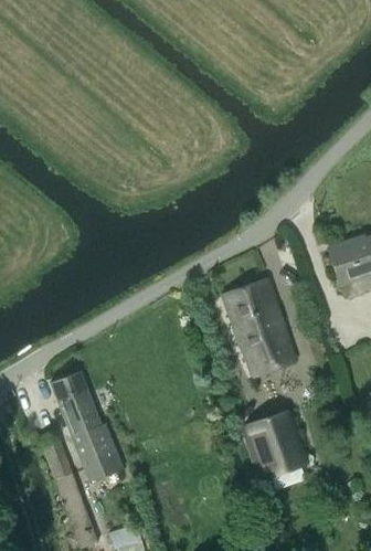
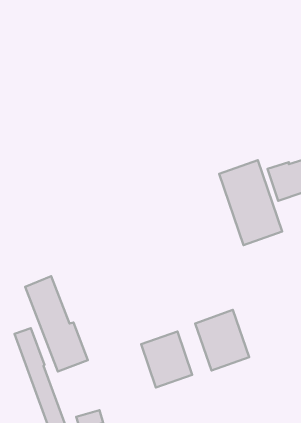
building: [224,279,296,377] -> [219,160,282,245]
building: none -> [141,332,192,387]

